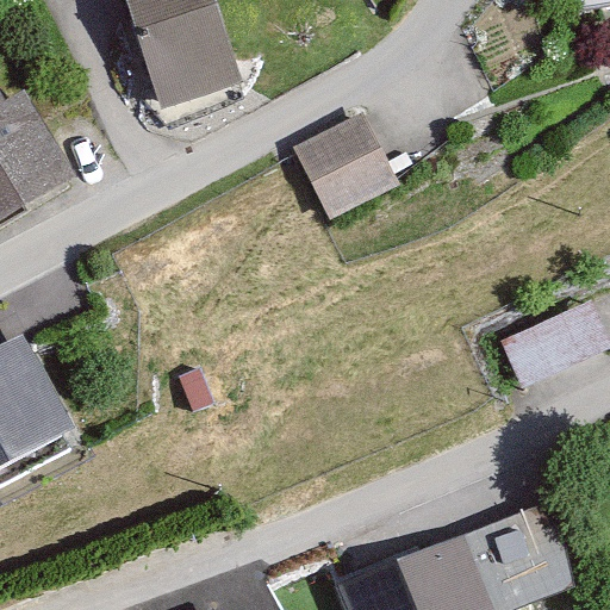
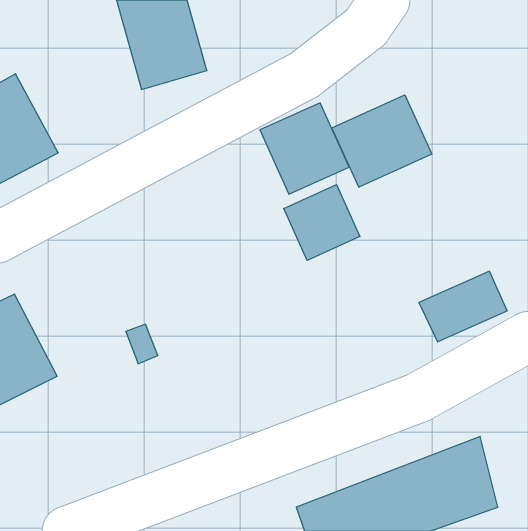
building: none -> [332,95,432,187]
building: none -> [284,185,360,260]

